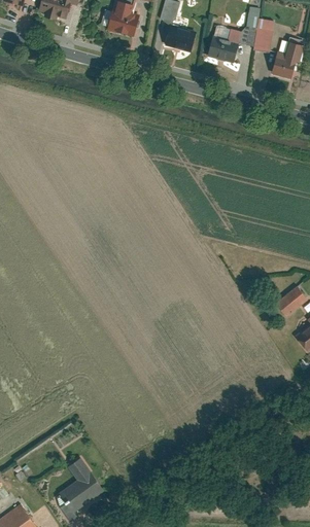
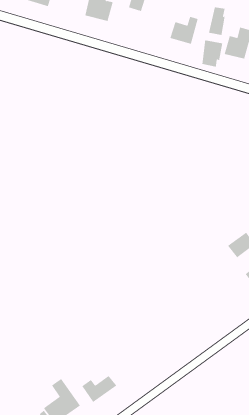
building: [166,25,197,52] -> none
building: none -> [202,39,223,68]
building: none -> [81,375,117,403]

